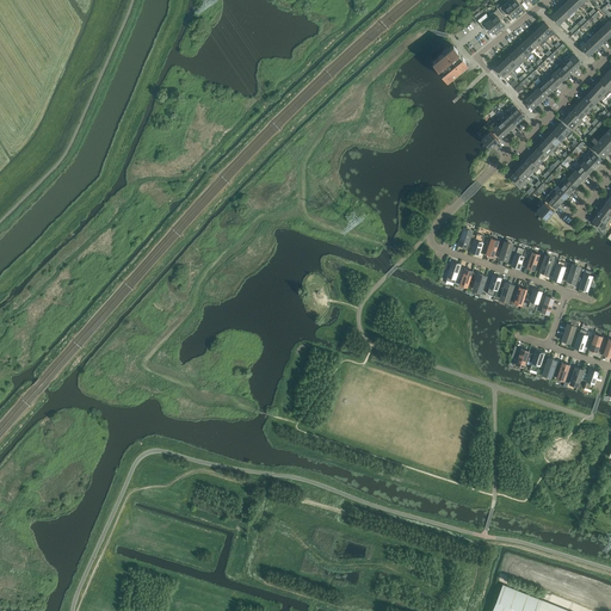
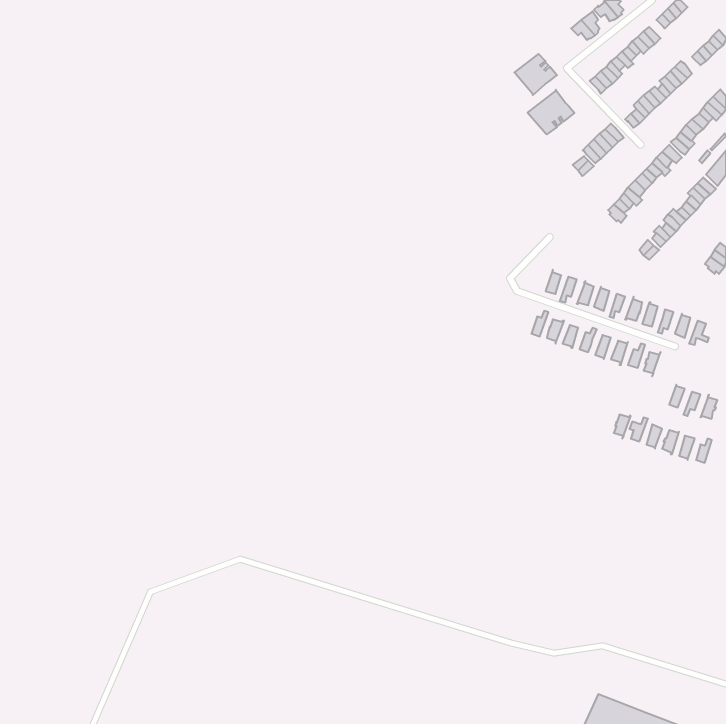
building: none -> [528,90,574,134]

